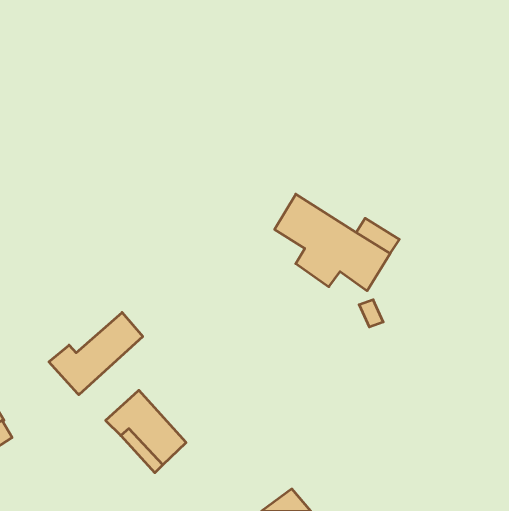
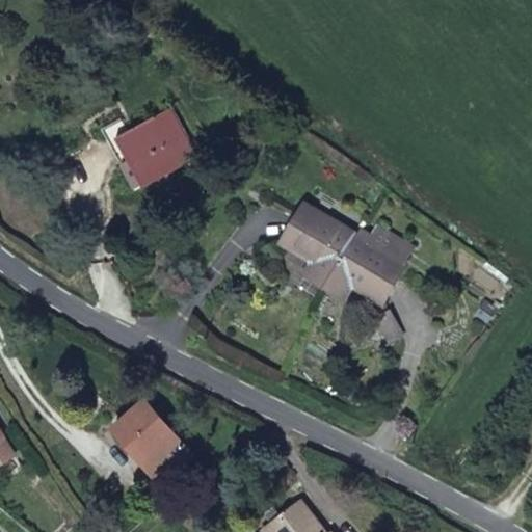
building: none -> [101,107,195,189]
building: [49,312,143,395] -> none

